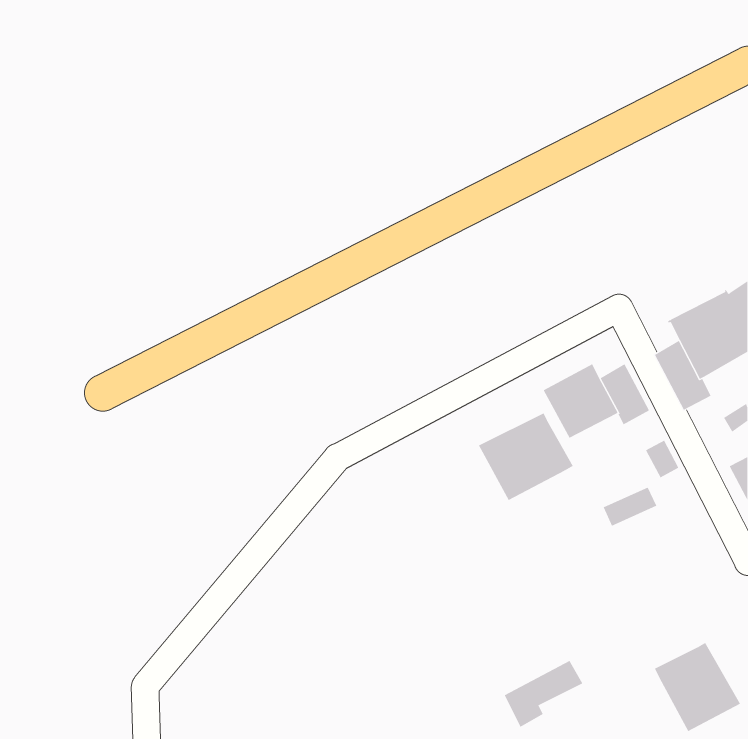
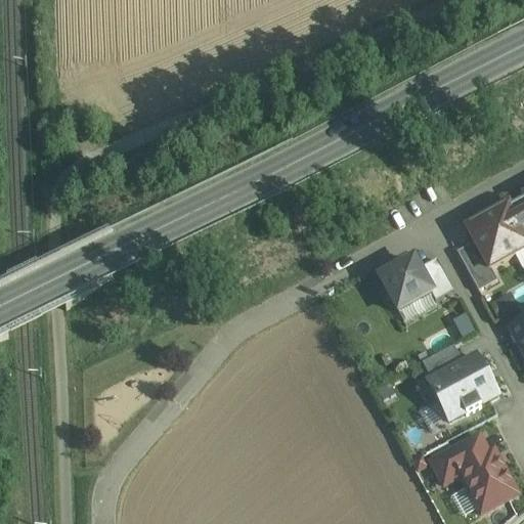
building: [478,413,573,501] -> none
building: none -> [426,352,495,418]
building: [504,660,583,728] -> [432,435,487,482]

